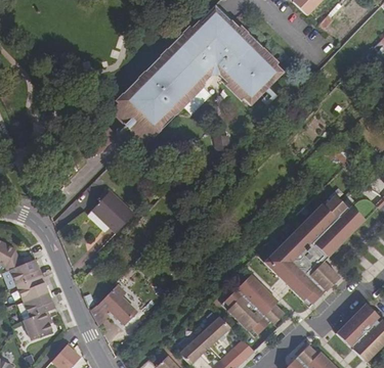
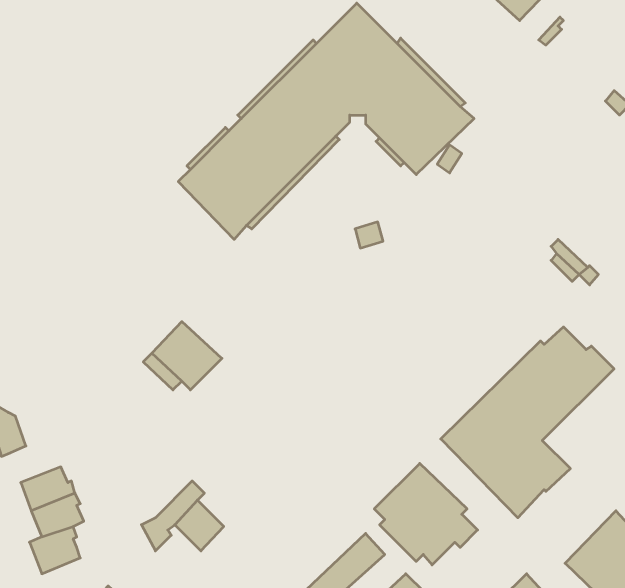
building: [10,258,40,285] -> none

